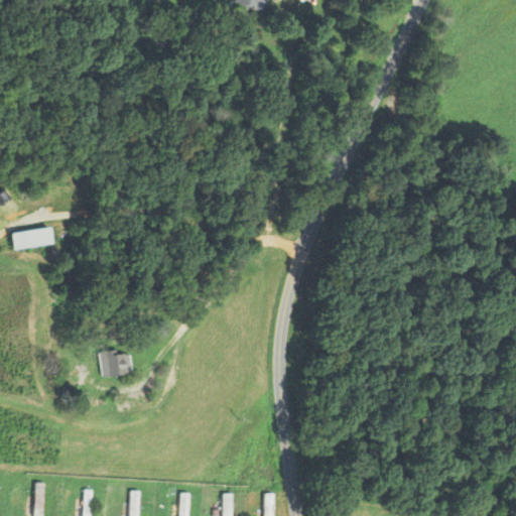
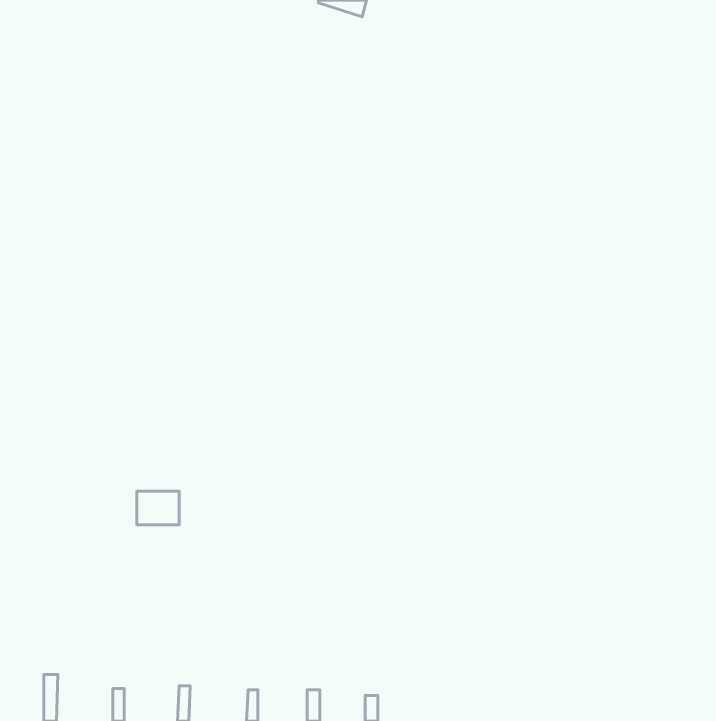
building: [12,227,53,250] -> none

